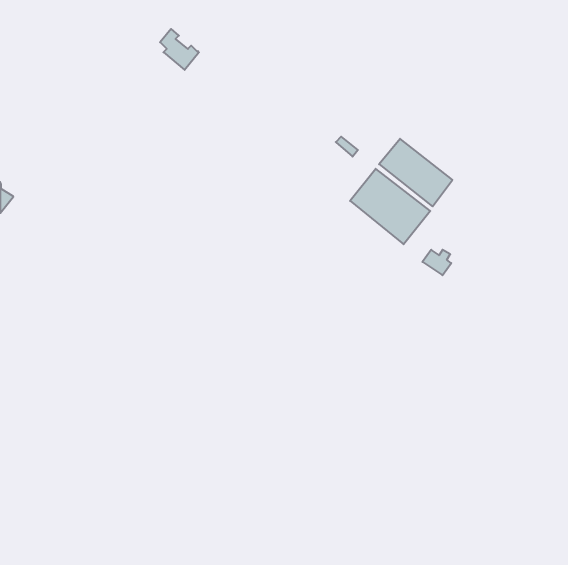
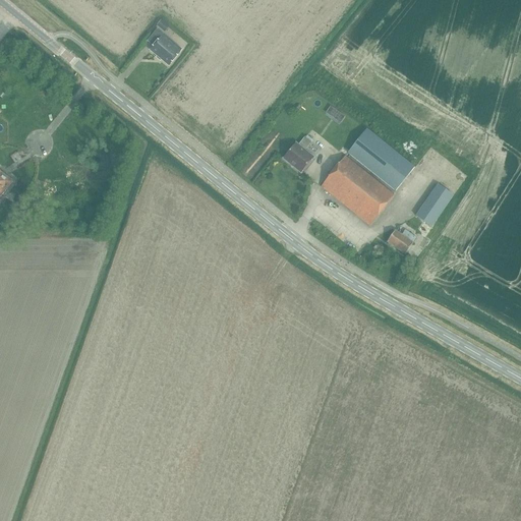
building: none -> [283,133,313,171]
building: none -> [415,183,454,226]

